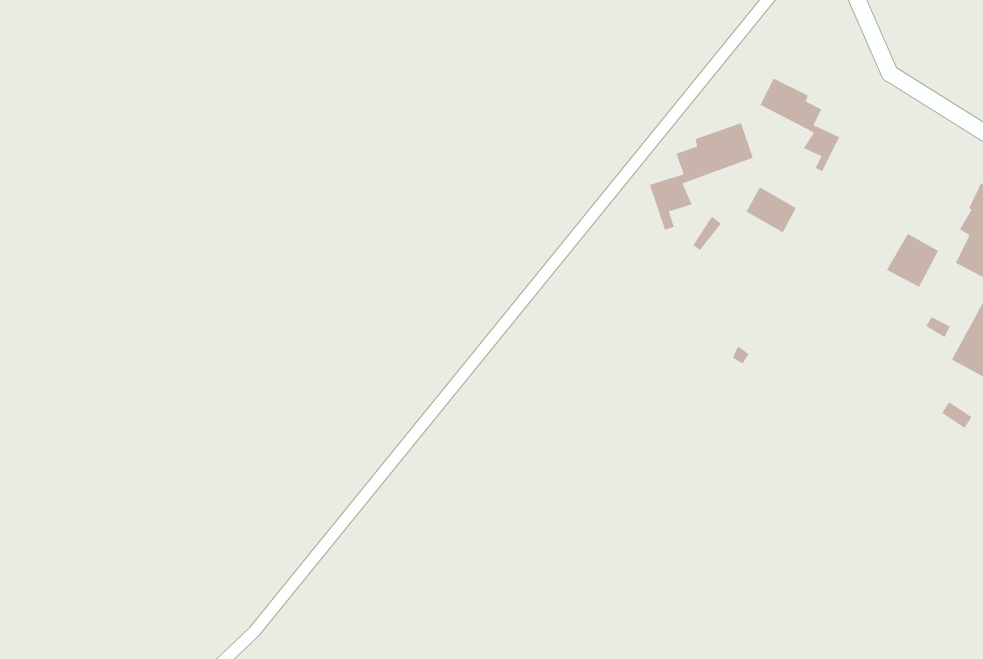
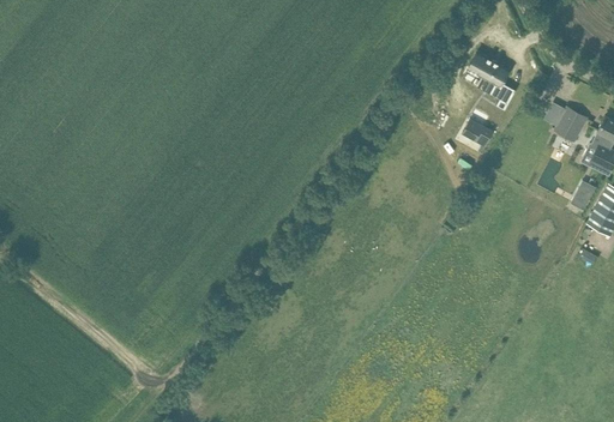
building: [649,122,754,231] -> none
building: [886,233,939,288] -> [554,108,586,141]

